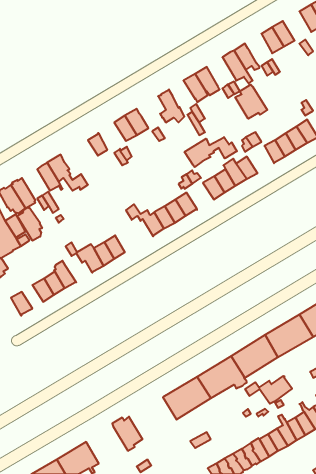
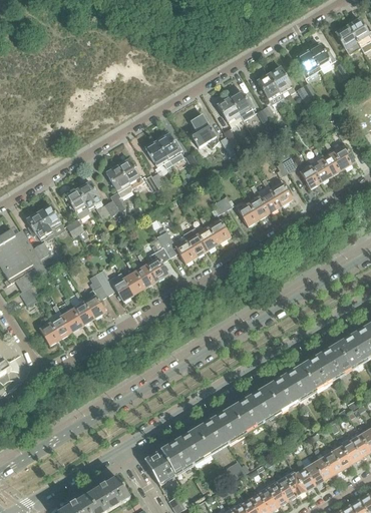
building: [235,85,267,119] -> none
building: [185,137,237,167] -> none
building: none -> [106,164,131,211]
building: [17,207,42,241] -> none
building: none -> [146,237,169,281]
building: none -> [48,304,72,339]
building: [245,376,292,404] -> none
building: none -> [160,430,210,473]

